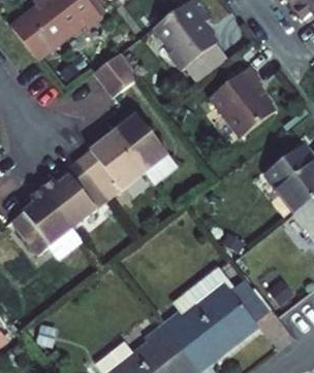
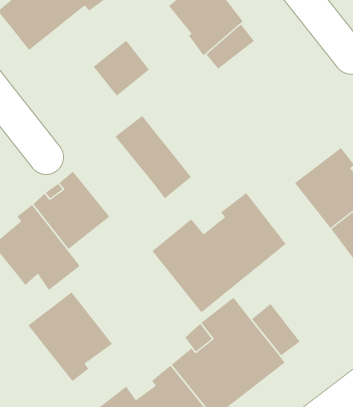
building: [210,61,274,132] -> none
building: [76,133,144,200] -> none
building: none -> [151,192,286,313]
building: none -> [28,291,113,382]

